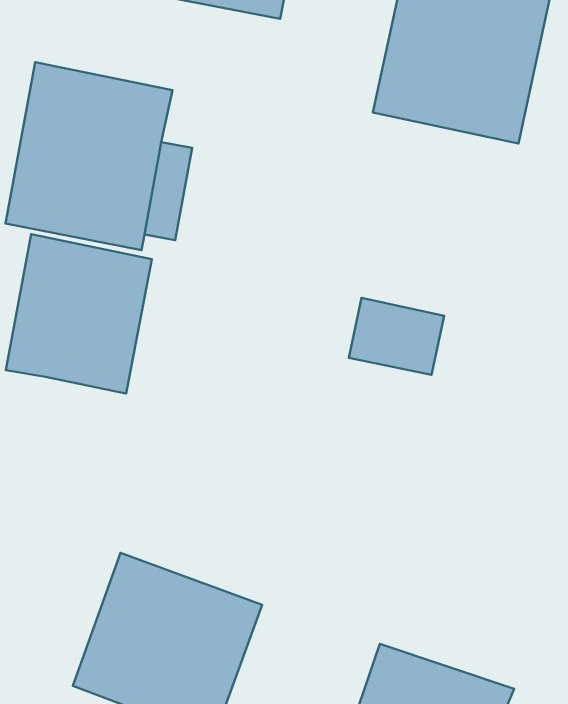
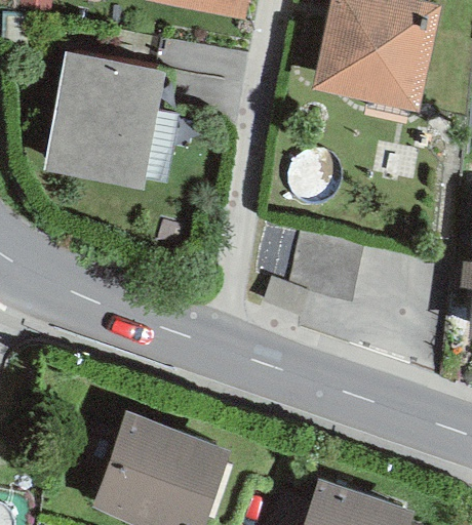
building: [6,234,152,393] -> none

